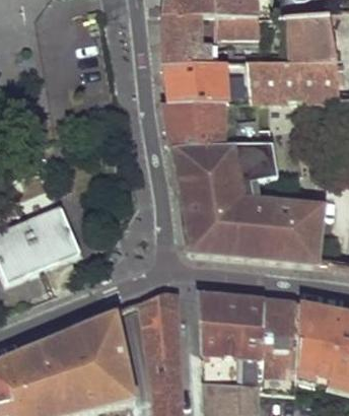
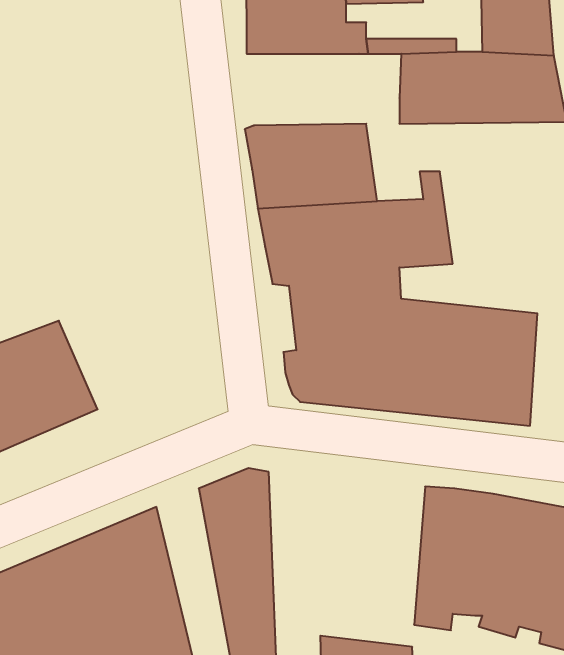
building: [163,60,248,99] -> none
building: [197,292,262,387] -> none

